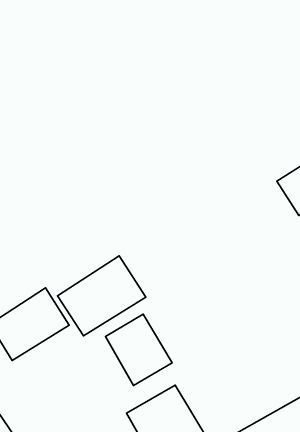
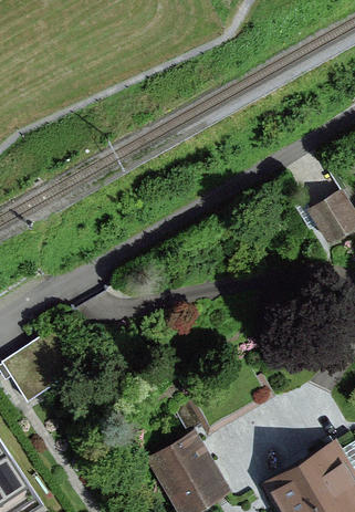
building: [57,256,146,336] -> none
building: [105,314,172,385] -> none

